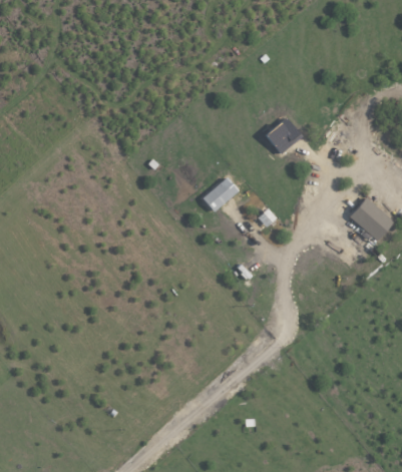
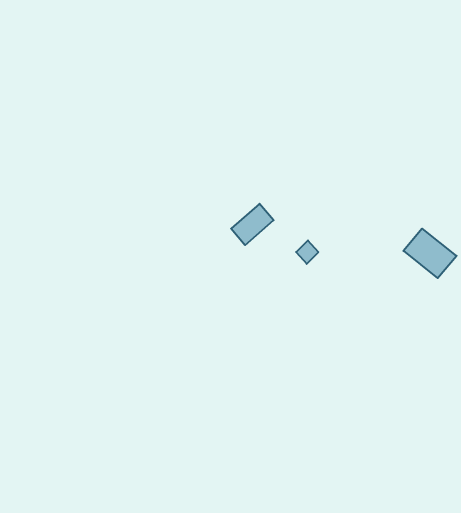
building: [264,116,301,152] -> none

